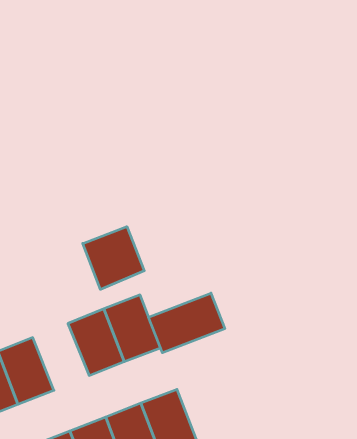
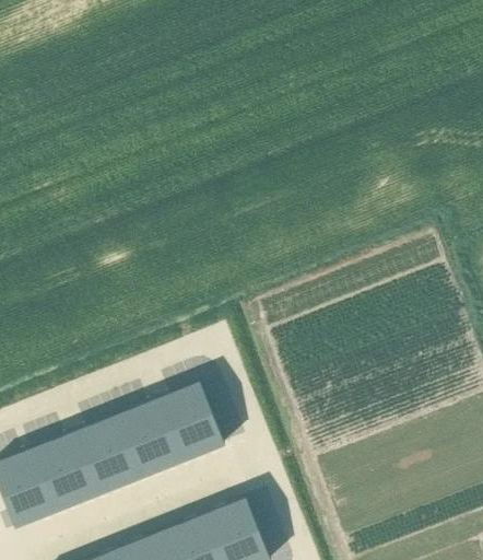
building: [83,227,144,289] -> none
building: [149,293,225,353] -> none
building: none -> [73,418,140,497]

